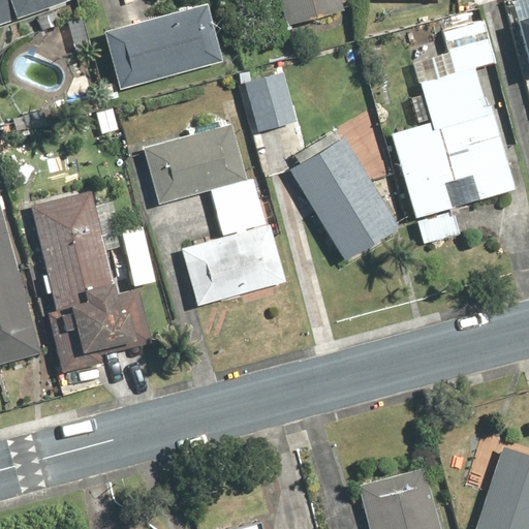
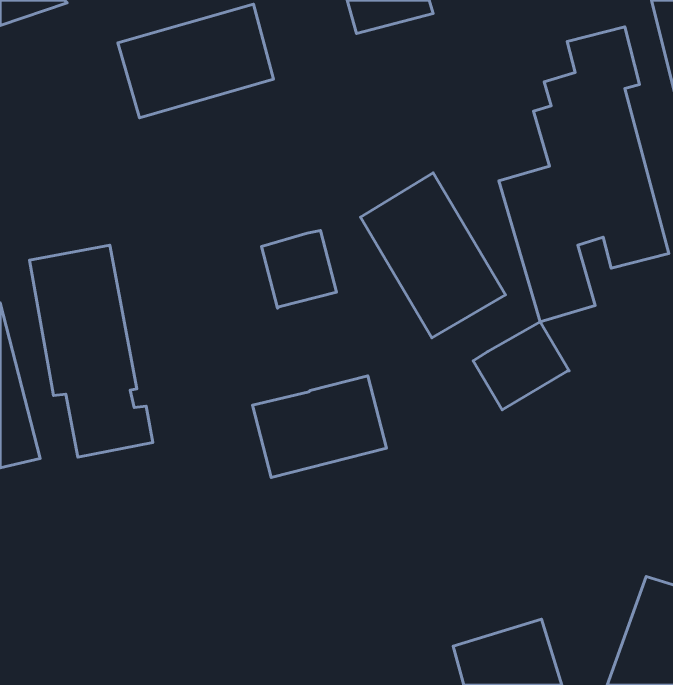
building: [246,72,297,132] -> none
building: [143,126,246,205] -> none
building: [180,225,283,304] -> [252,376,387,478]
building: none -> [473,322,569,410]

